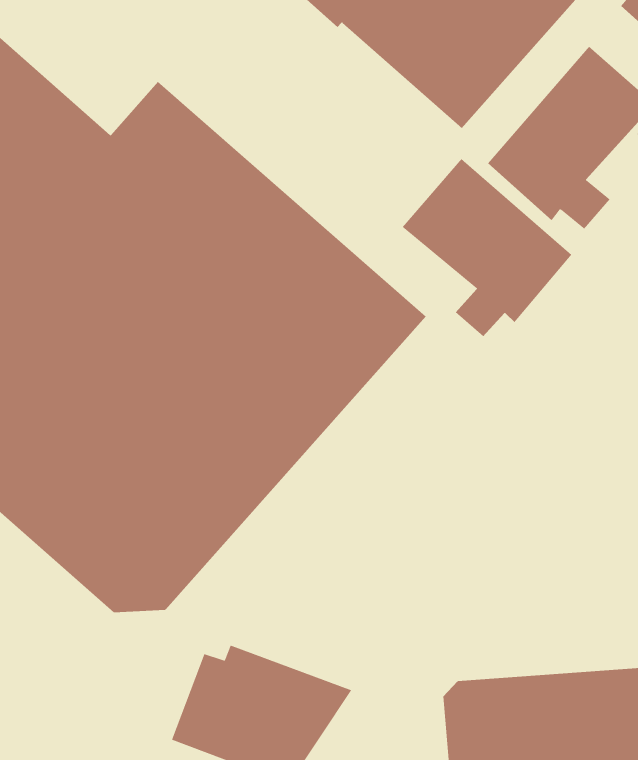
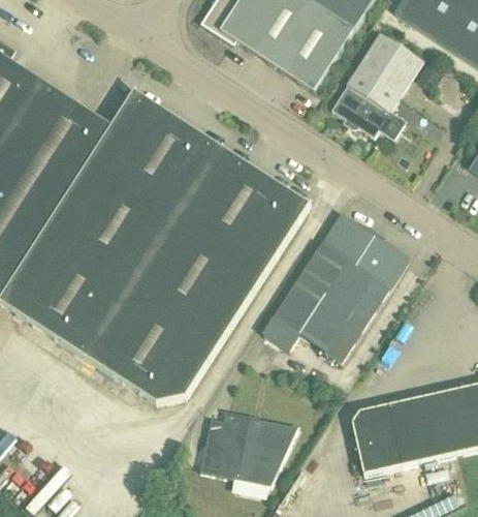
building: [402,158,572,337] -> none
building: none -> [263,213,410,362]

